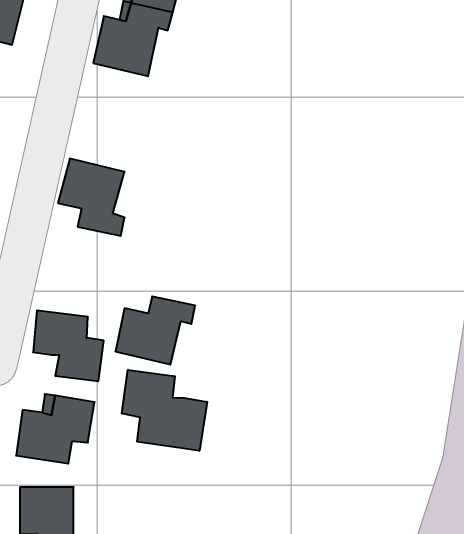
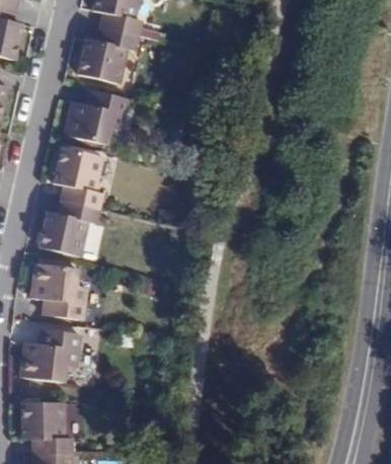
building: none -> [63,90,127,142]
building: [115,296,195,365] -> [37,201,99,253]
building: [122,370,207,451] -> none

